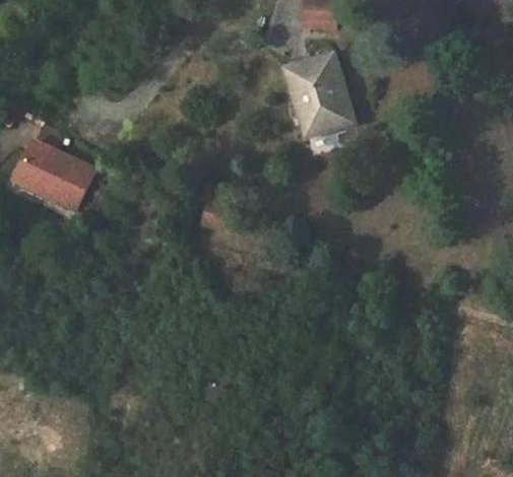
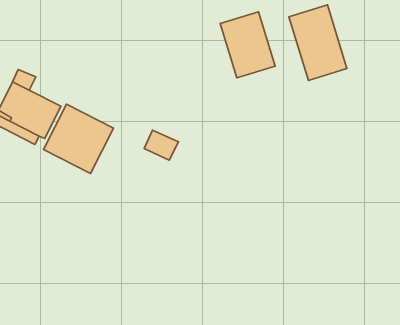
building: none -> [289,5,347,80]
building: none -> [44,104,114,174]

